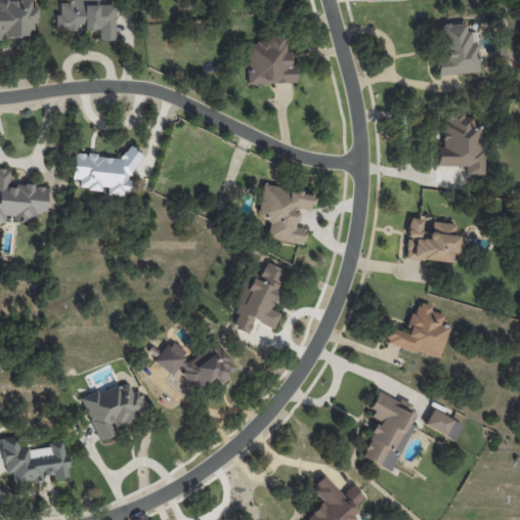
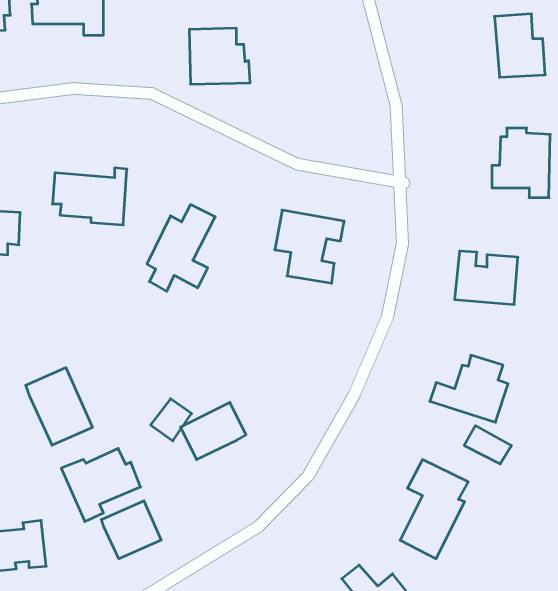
building: [248,38,298,84] -> [189,28,250,84]
building: [232,261,289,333] -> [147,205,215,291]
building: none -> [26,368,92,445]
building: [426,408,465,440] -> [464,426,511,464]
building: none -> [101,501,161,559]

